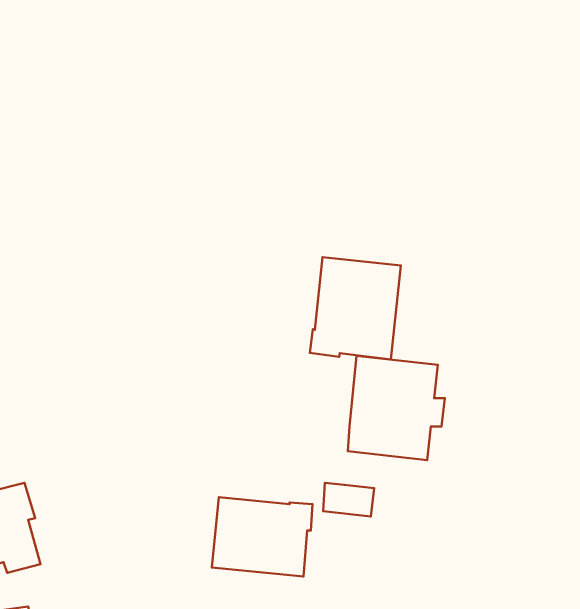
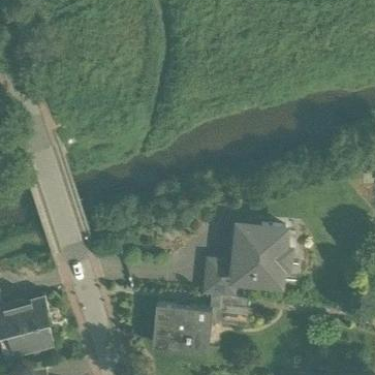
building: [310,257,401,360] -> none
building: none -> [207,261,235,298]

